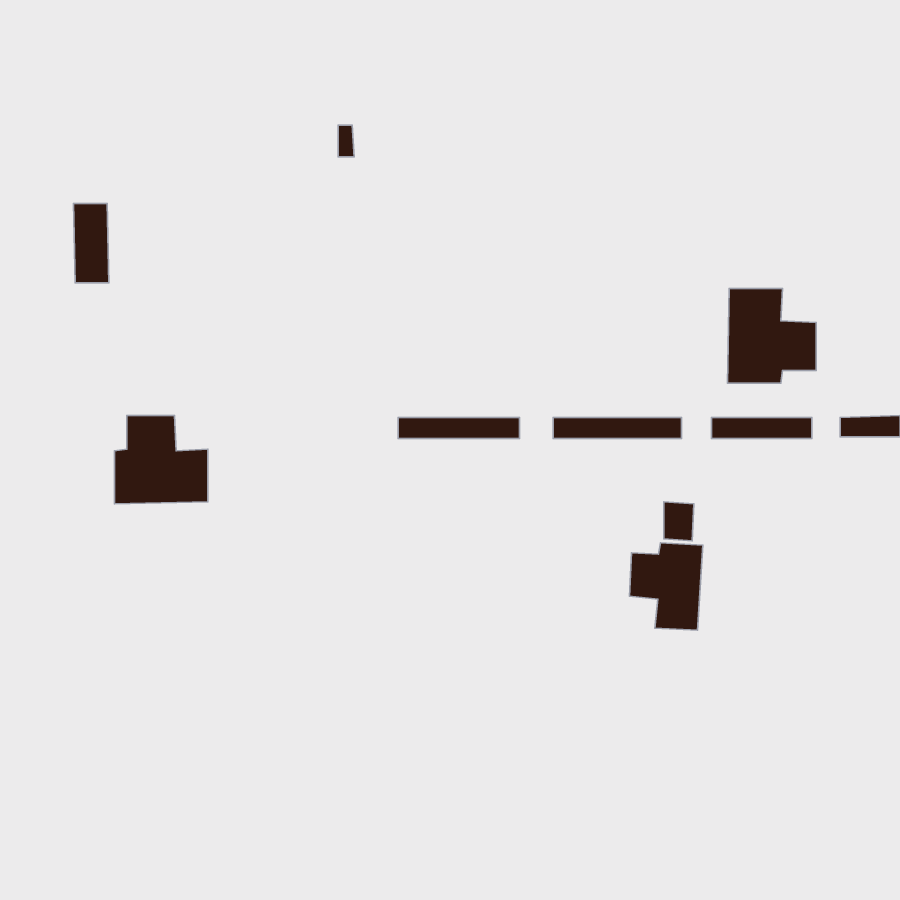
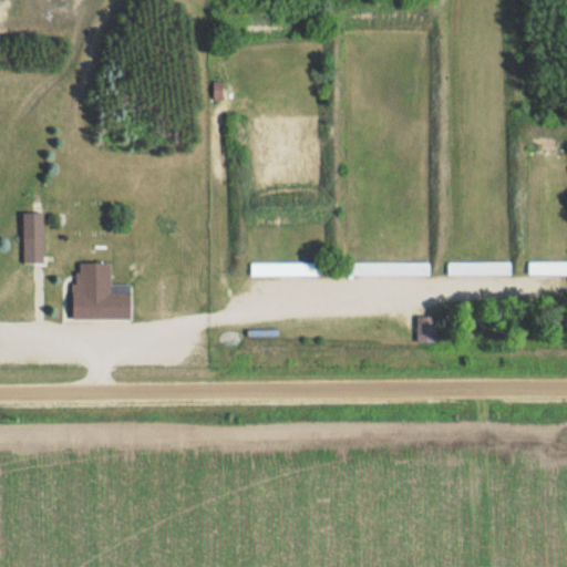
building: [74,203,109,283] -> [22,210,44,260]
building: [727,289,816,383] -> none
building: [630,543,703,630] -> none

